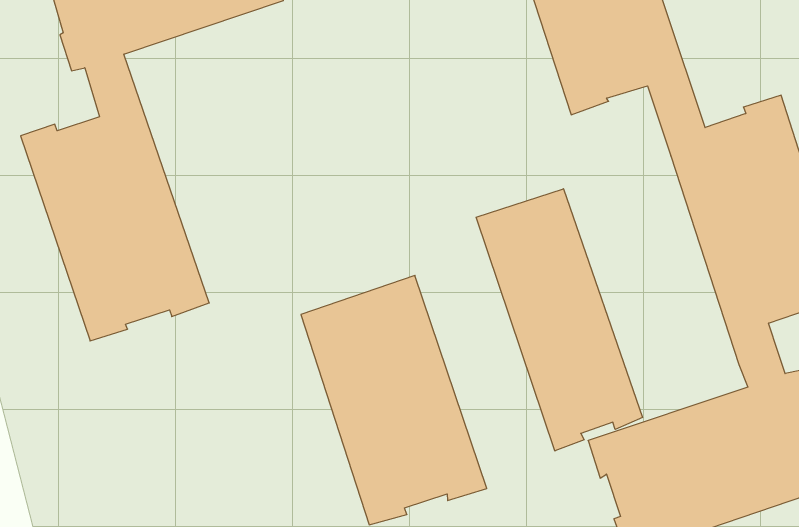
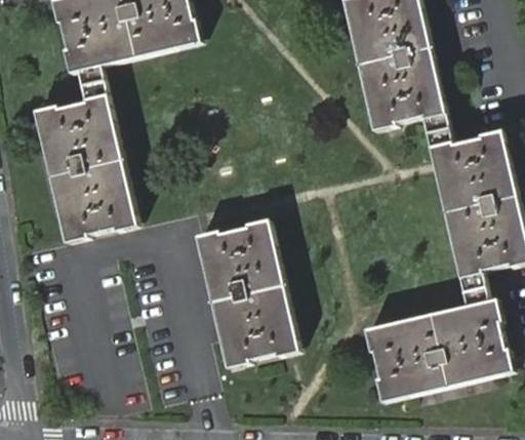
building: [476,189,643,451] -> none

